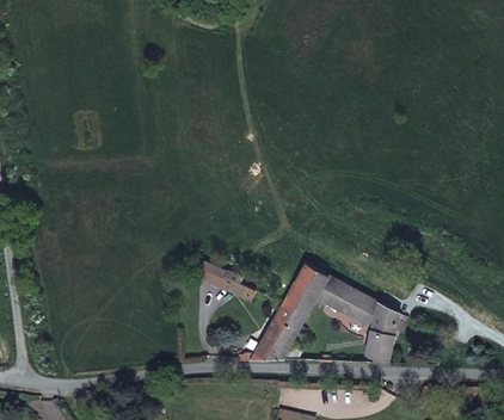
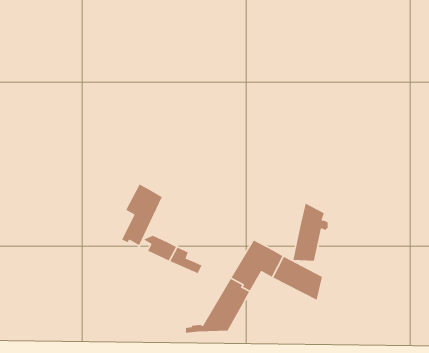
building: none -> [121,183,163,246]
building: [365,302,402,363] -> [292,203,328,262]

